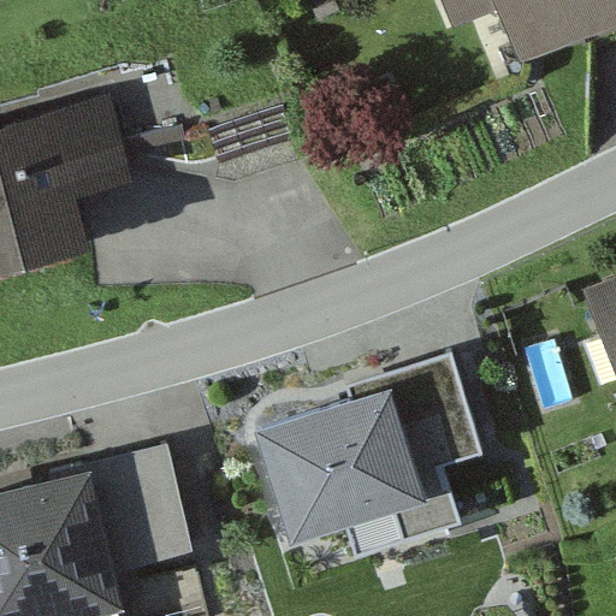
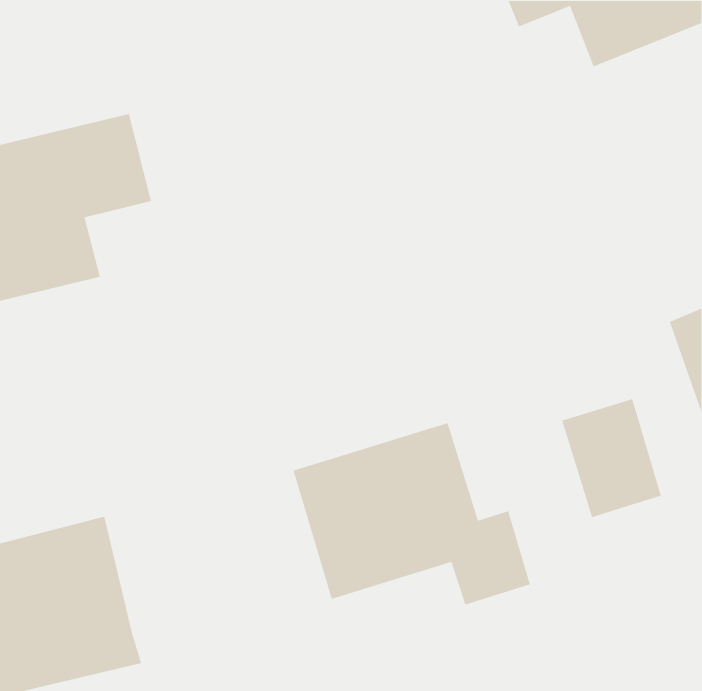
building: [391,361,479,466] -> [561,398,662,518]
building: [91,444,191,563] -> none

